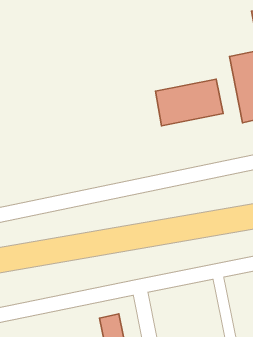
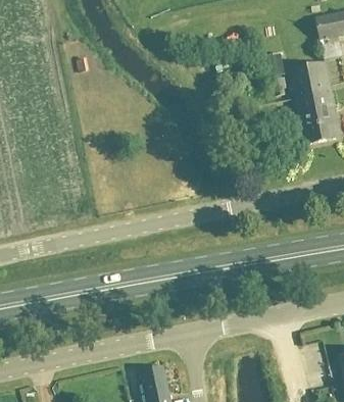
building: [155,79,223,126] -> none

